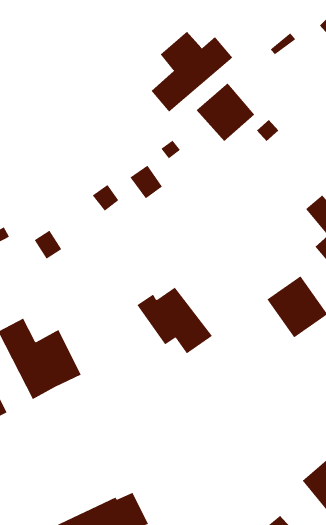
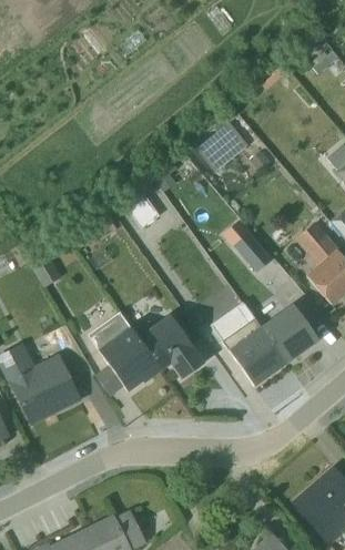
building: [151,31,233,113] -> none
building: none -> [223,218,273,273]
building: none -> [210,301,286,386]
building: none -> [90,314,161,395]

